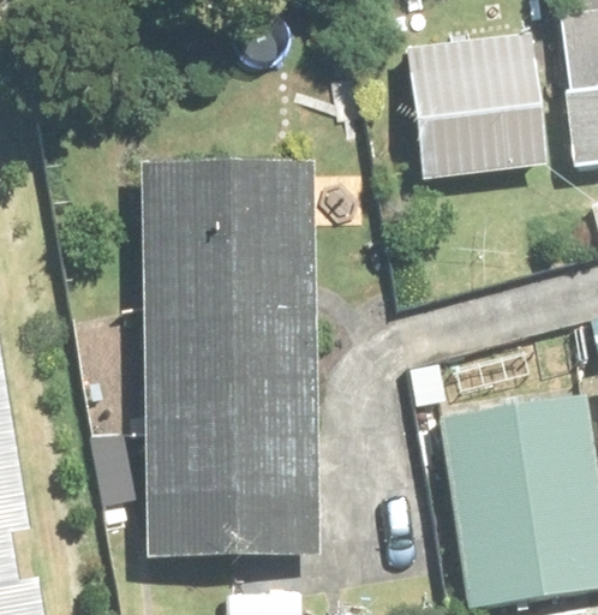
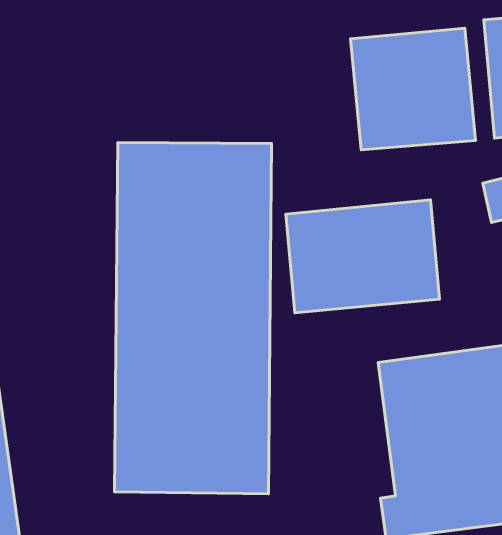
building: none -> [286,200,440,313]

